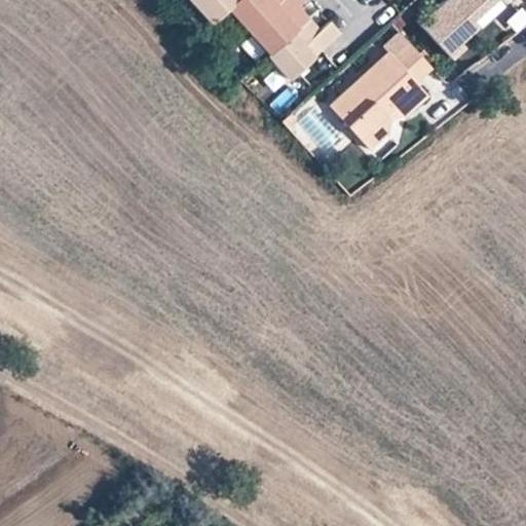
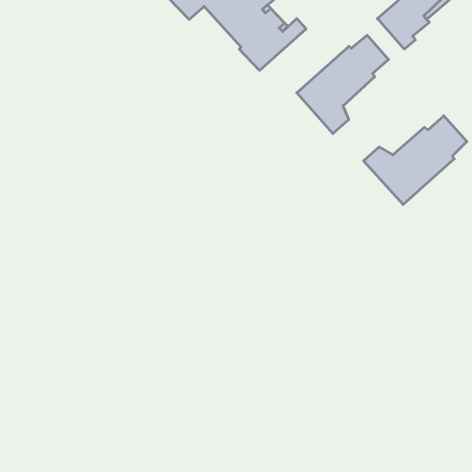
building: none -> [364,116,467,205]

